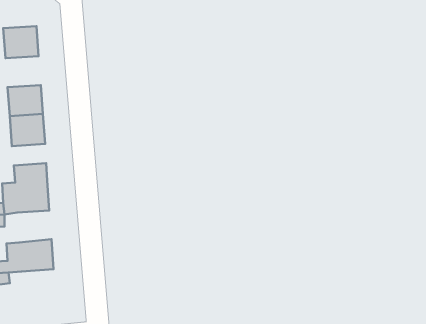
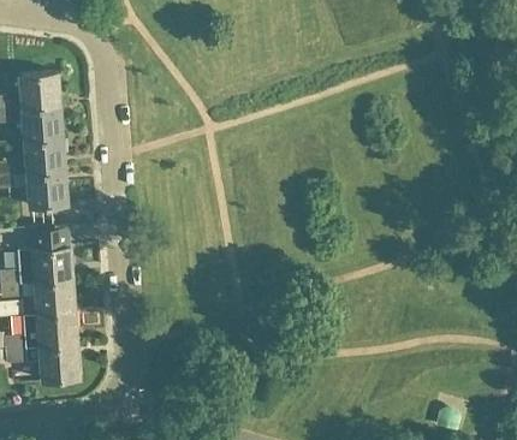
building: none -> [22,106,61,141]
building: none -> [35,279,73,315]
building: none -> [40,345,78,381]

